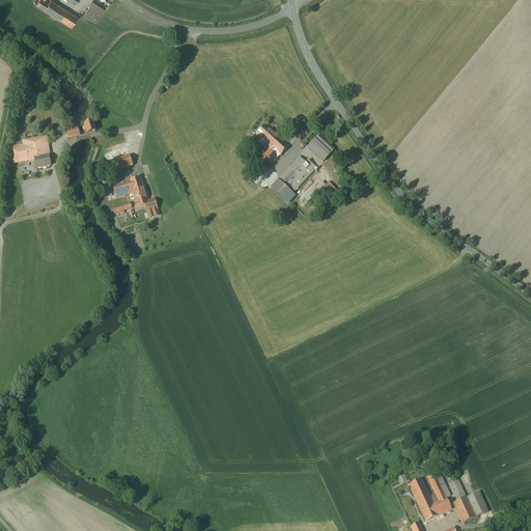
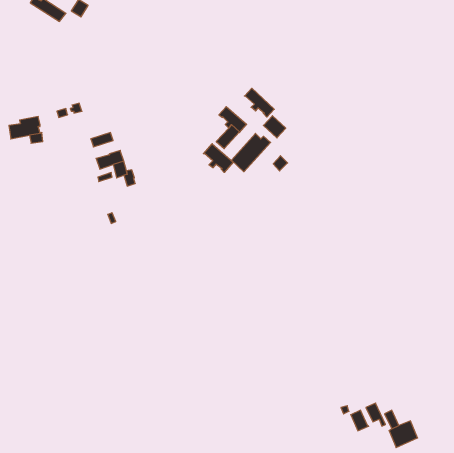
building: none -> [244,88,274,117]
building: none -> [203,144,233,172]
building: [417,488,450,520] -> none

